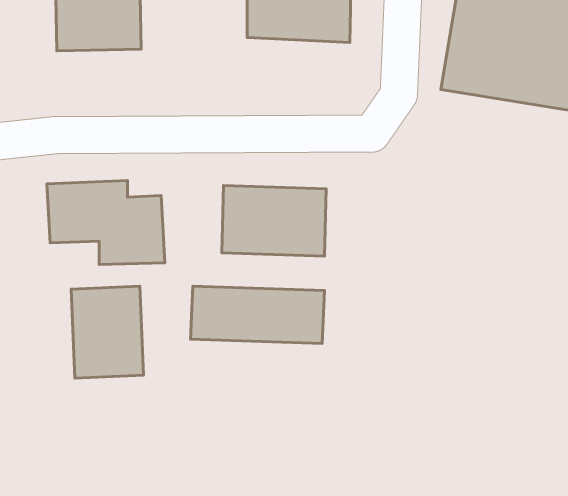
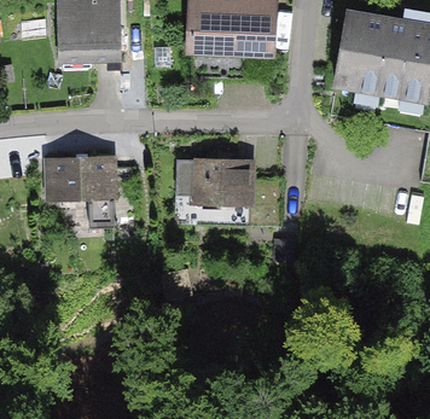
building: [191,286,325,343] -> none
building: [71,286,144,378] -> none

